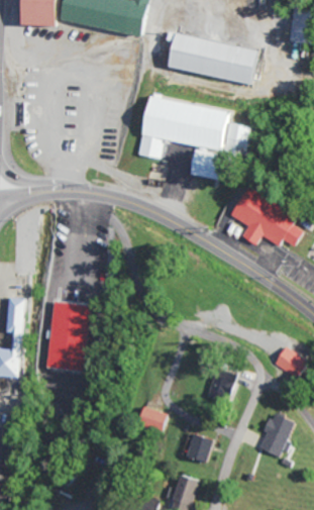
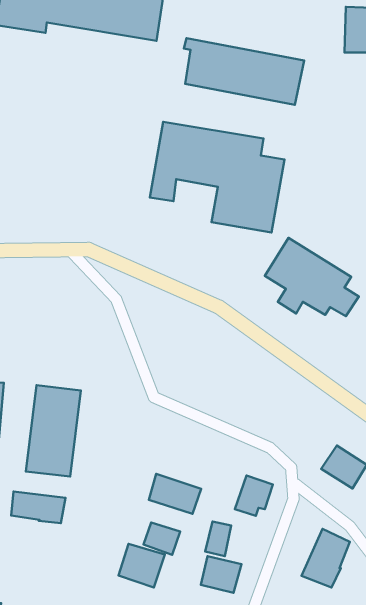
building: none -> [149,474,201,514]
building: none -> [11,492,65,523]
building: none -> [205,522,231,556]
building: none -> [118,544,165,587]

